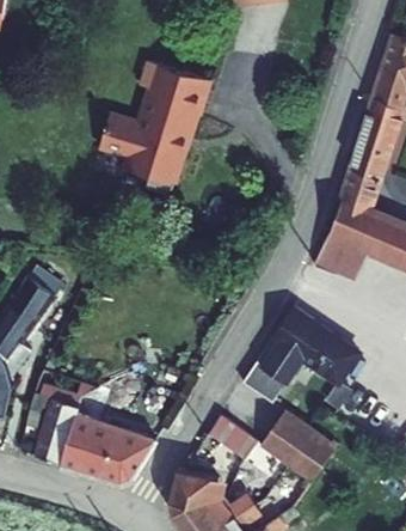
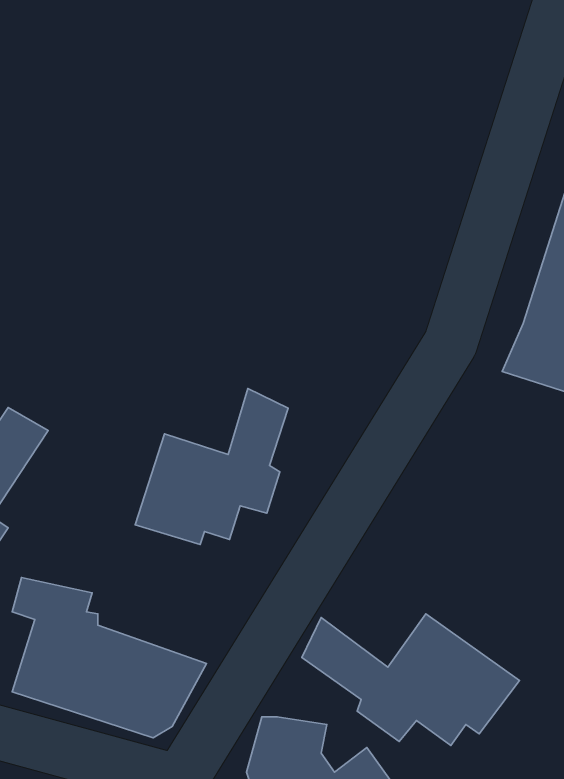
building: [91,61,208,183] -> none
building: none -> [135,388,288,544]
building: [248,328,333,401] -> none

